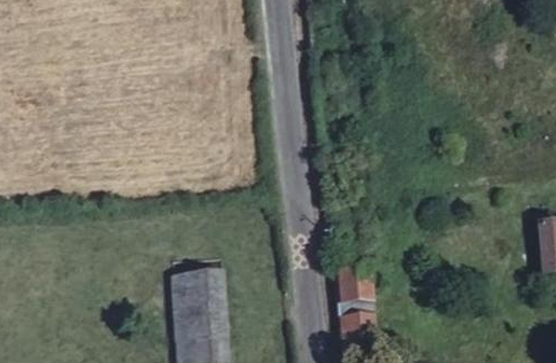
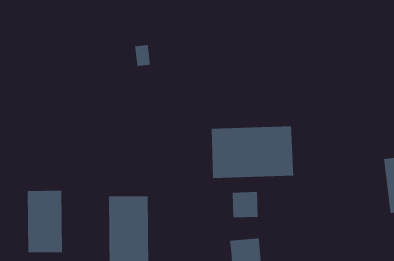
building: none -> [211,125,294,179]
building: none -> [27,190,63,253]

